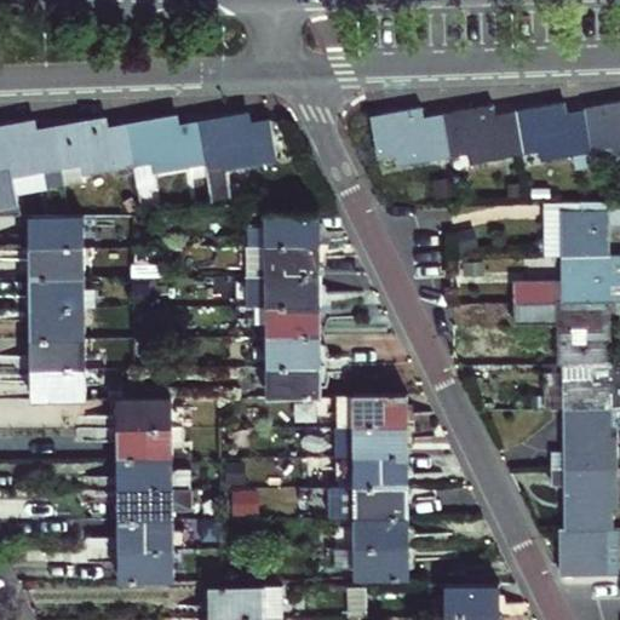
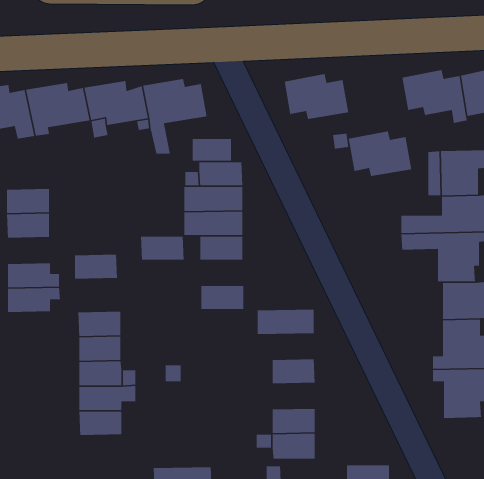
building: [441,107,519,163] -> [348,130,412,177]
building: none -> [192,138,232,161]
building: [29,219,82,251] -> none
building: [30,310,84,341] -> [74,254,118,280]
building: [265,338,320,368] -> [140,236,185,260]
building: [333,427,406,459] -> none
building: [328,488,407,519] -> none
building: [558,530,605,576] -> none
building: [119,551,172,582] -> none

